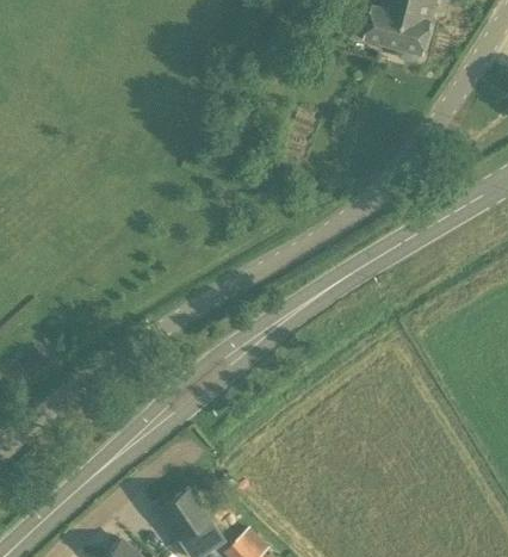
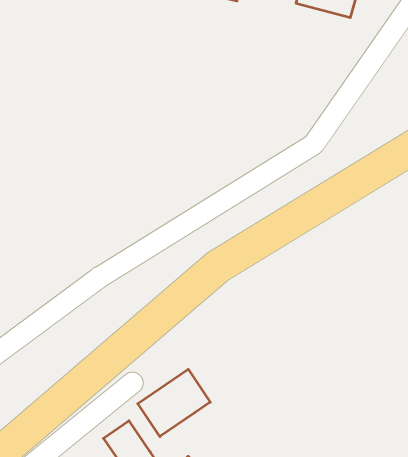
building: none -> [138,369,210,437]

